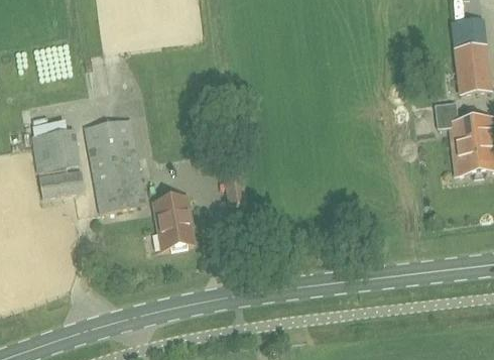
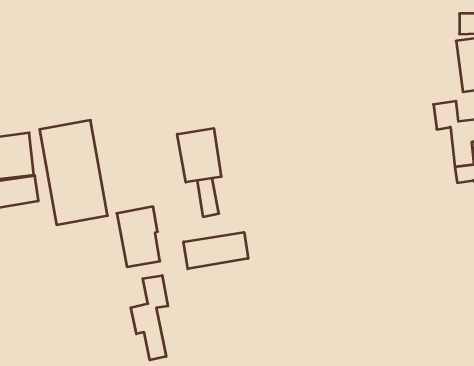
building: none -> [177,128,221,182]
building: none -> [184,232,248,269]
building: none -> [131,275,168,360]

